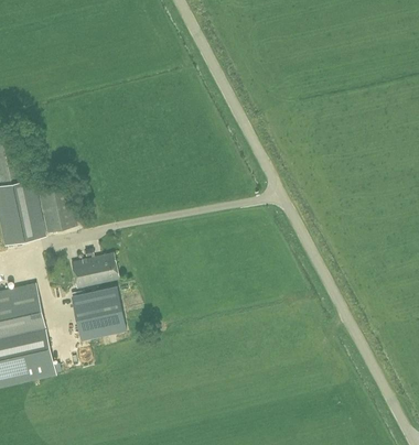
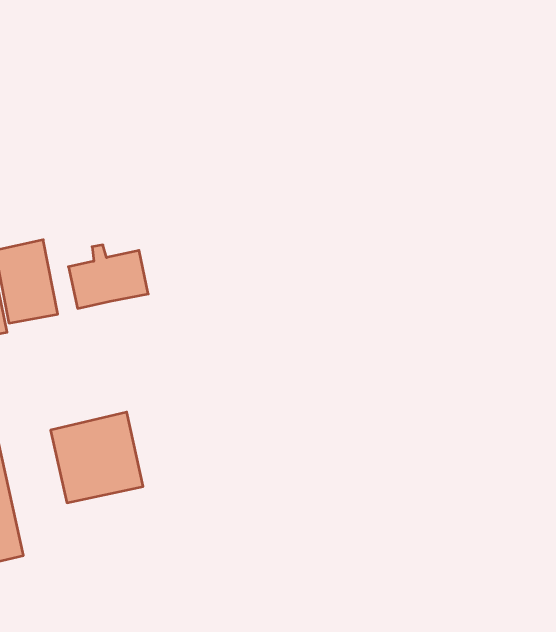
building: [69,249,118,287] -> [68,245,148,308]

